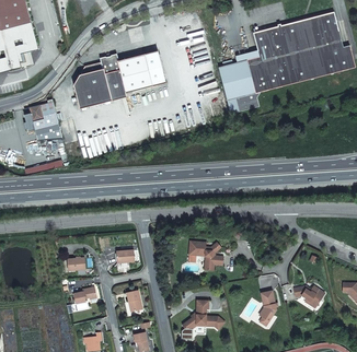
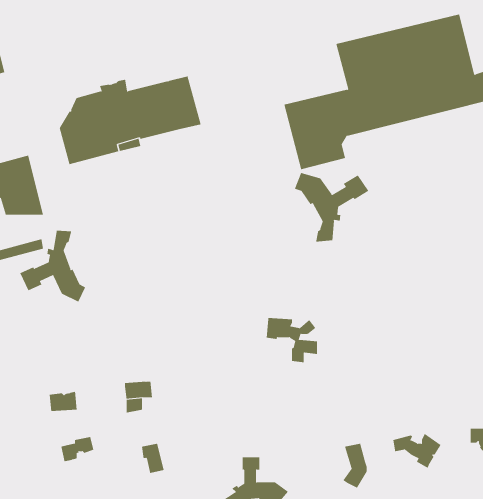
building: none -> [294,172,369,243]
building: none -> [20,230,86,303]
building: [188,239,222,269] -> [266,318,318,363]

